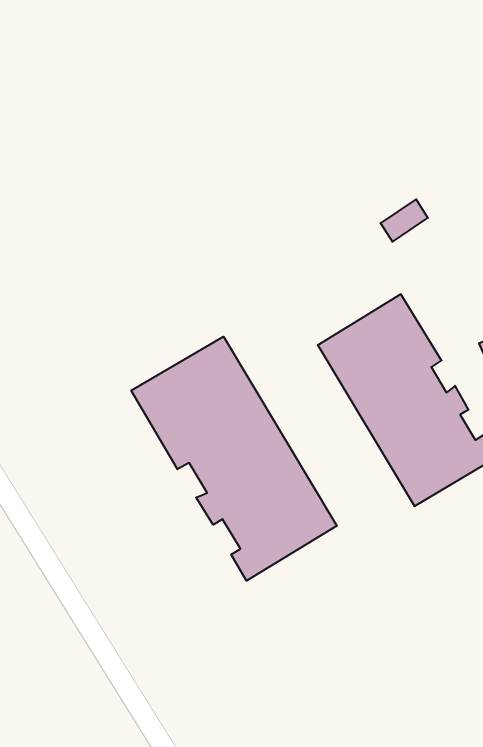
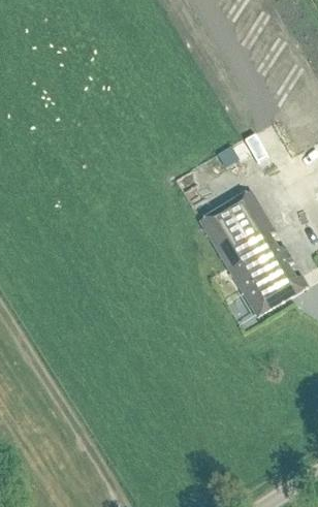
building: [131,337,337,581] -> none

